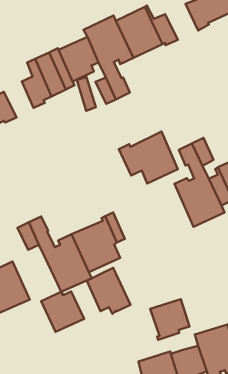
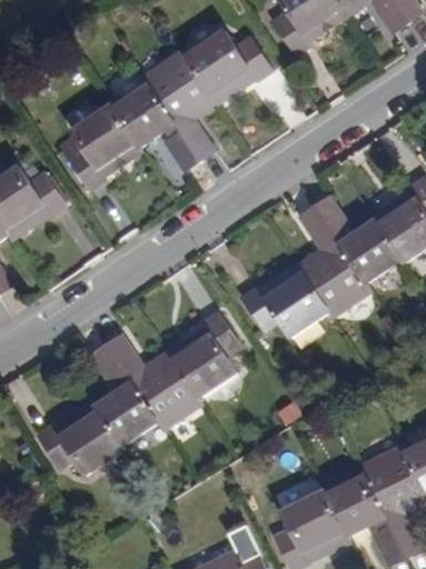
building: [119,132,178,184] -> [242,262,327,336]
building: [87,268,130,314] -> none
building: [41,292,84,332] -> [96,387,158,445]
building: [150,299,190,340] -> none

